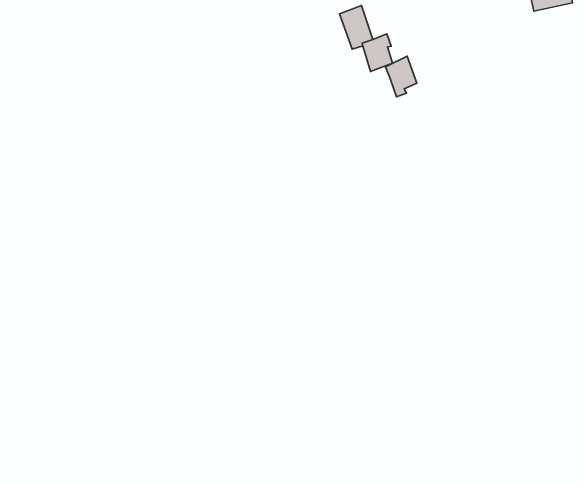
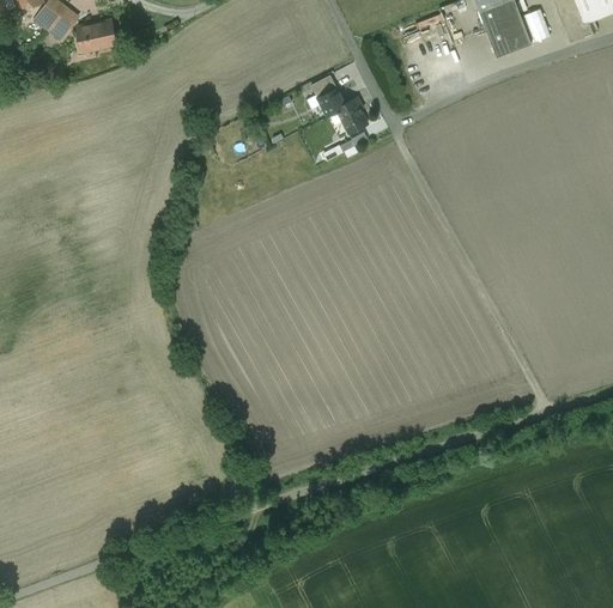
building: [385,56,417,97] -> none

